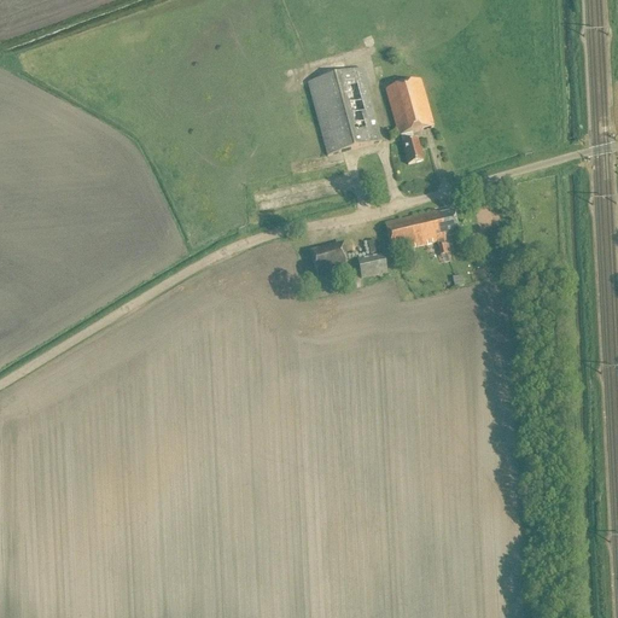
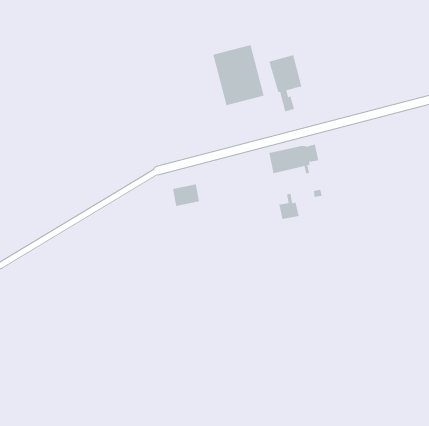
building: [357,238,387,276] -> [279,193,299,220]
building: [305,240,345,273] -> [172,184,200,206]

